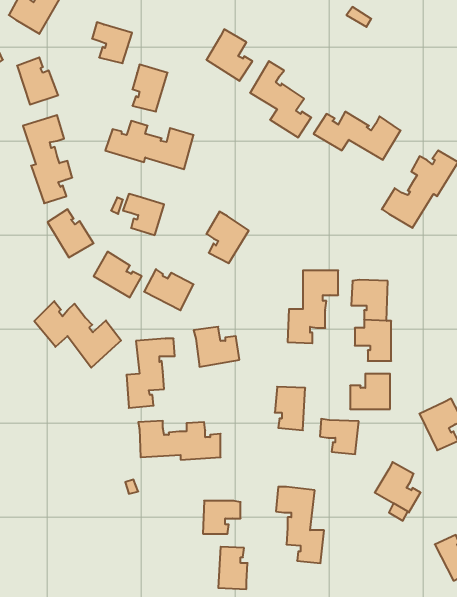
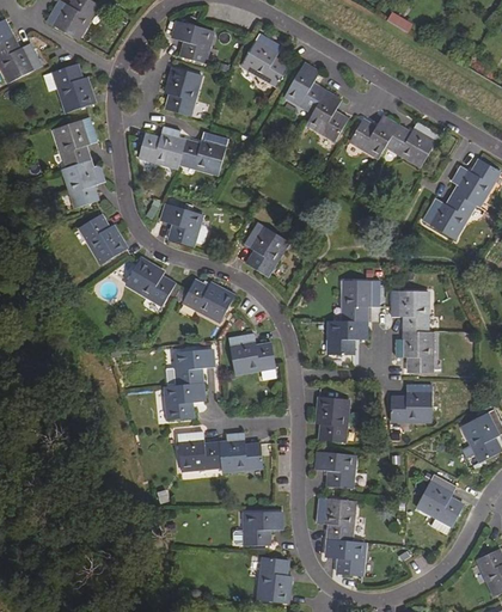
building: [92,22,132,63] -> [176,25,216,67]
building: [34,301,121,368] -> none
building: [320,419,359,454] -> [313,452,353,488]

